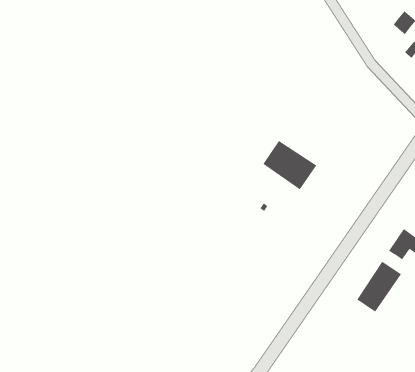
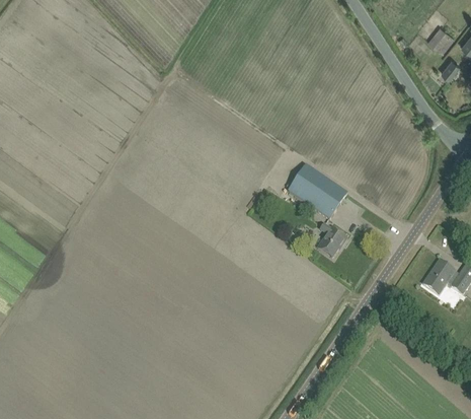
building: none -> [316,224,345,258]
building: [357,261,402,312] -> none

